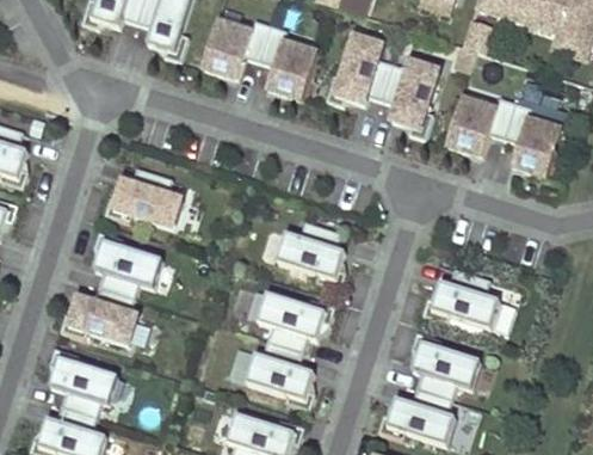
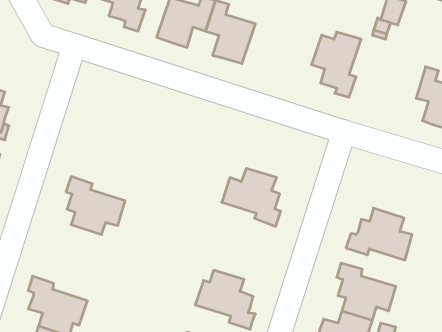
building: [326,33,393,103] -> none
building: [445,94,514,154] -> none
building: [104,166,181,226] -> none
building: [60,284,137,342] -> none
building: [257,289,334,349] -> none

